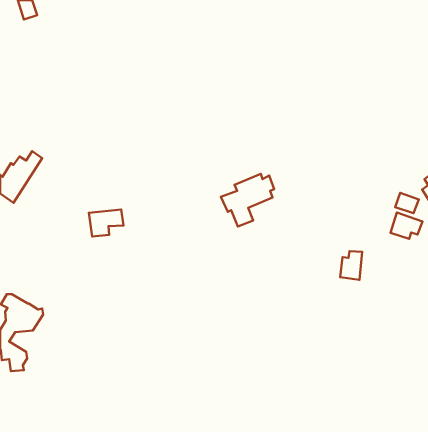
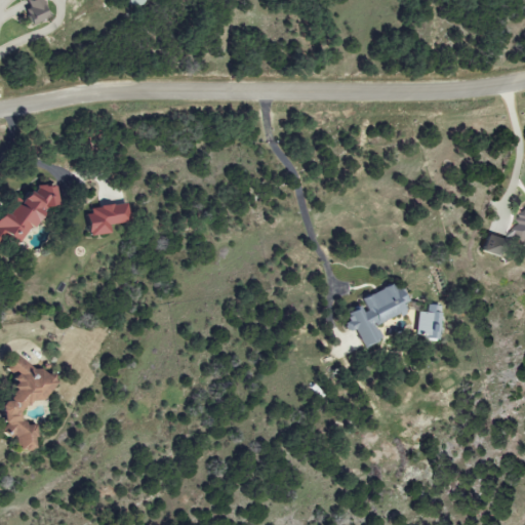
building: [221,174,274,226] -> [347,284,411,348]
building: [89,209,124,236] -> [89,203,131,236]
building: [390,212,422,239] -> none

